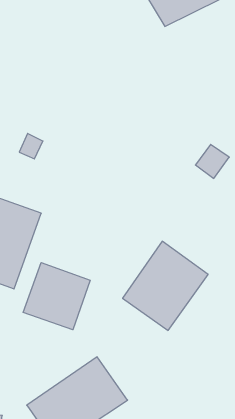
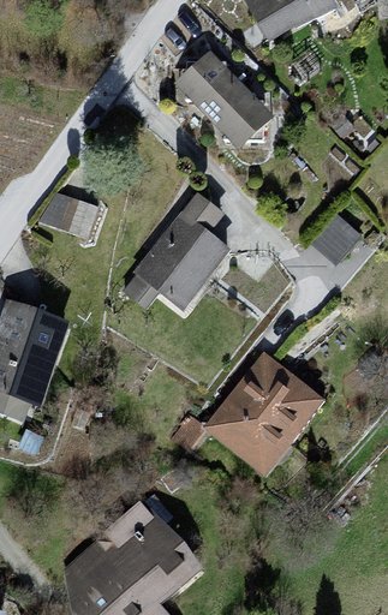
building: none -> [183,49,283,150]
building: none -> [139,207,238,311]
building: [23,263,90,330] -> none

